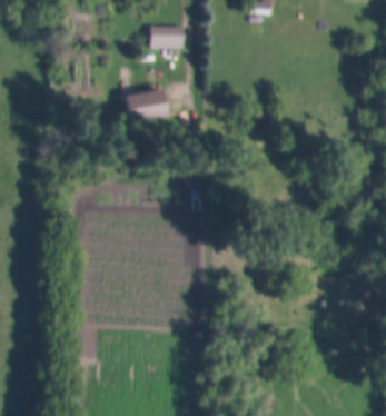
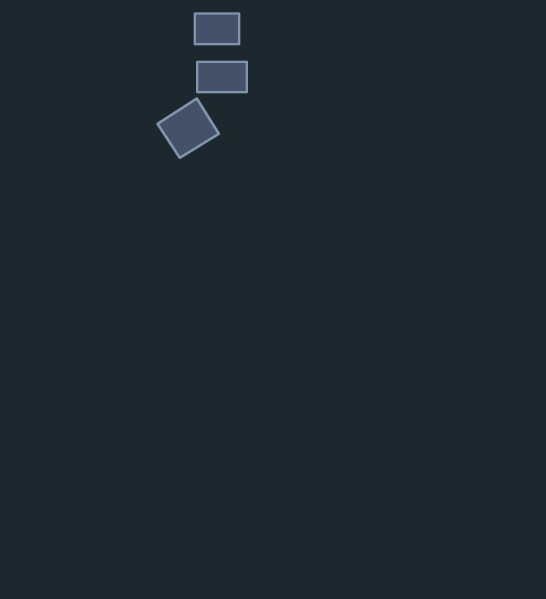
building: none -> [197,62,247,92]

